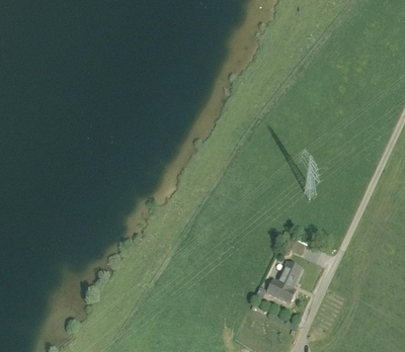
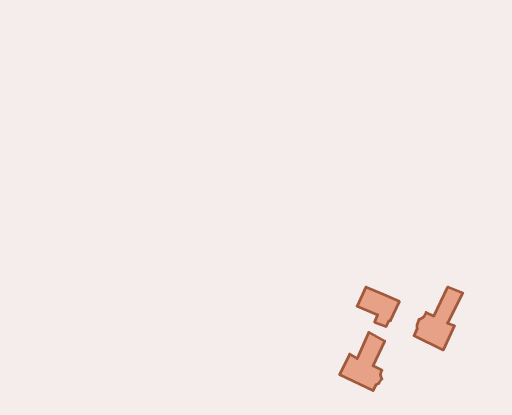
building: none -> [414,287,463,350]

